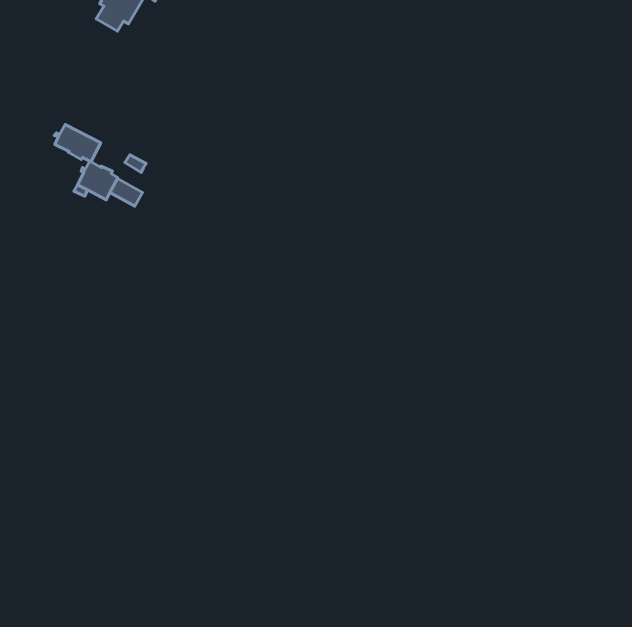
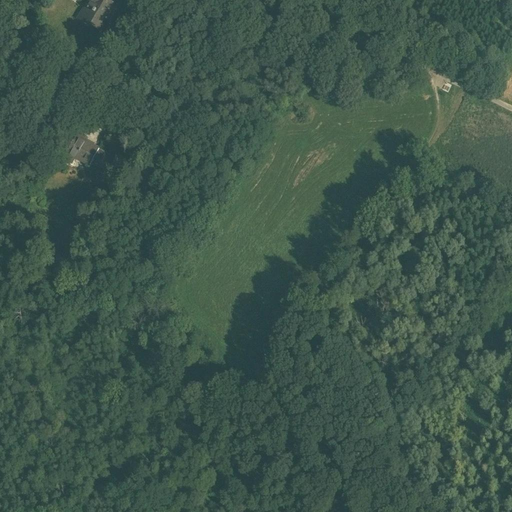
building: [54,124,101,161] -> none

